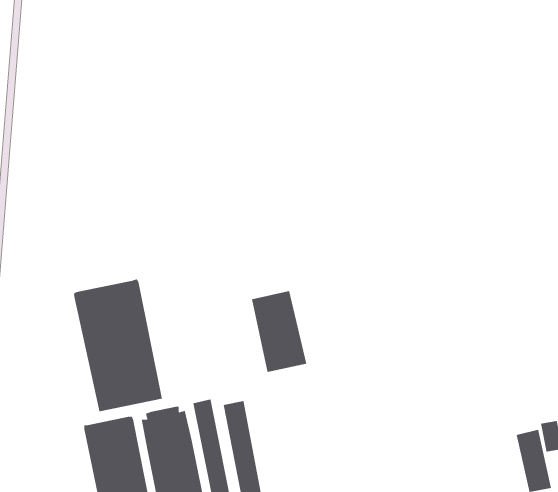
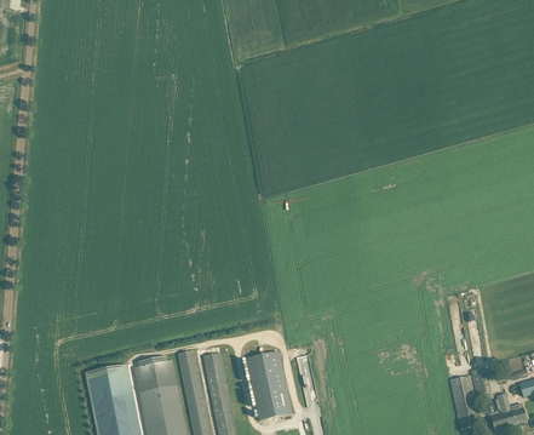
building: [74,278,163,412] -> none
building: [251,291,307,372] -> [245,350,292,419]

